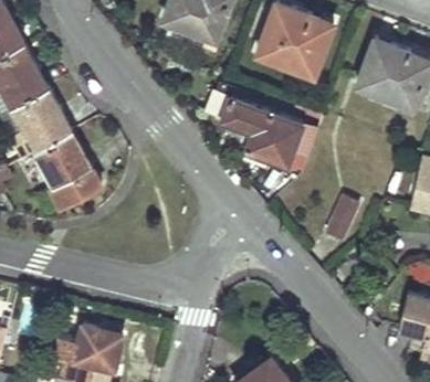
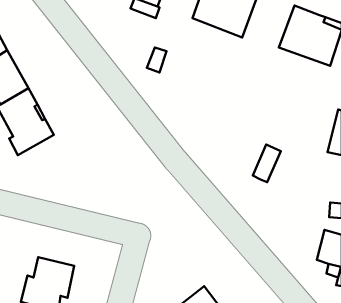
building: [221,96,301,165] -> none

